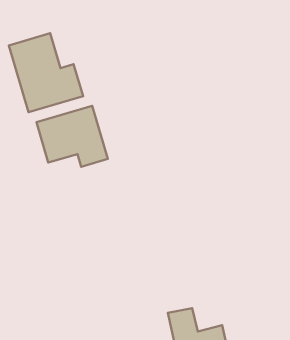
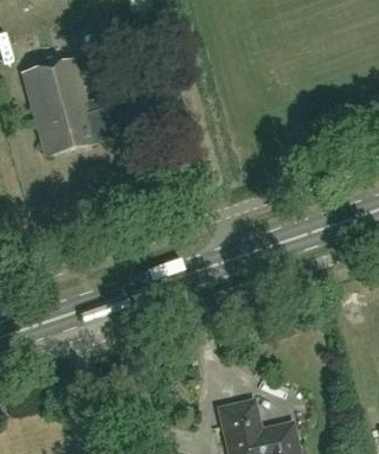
building: [36,106,108,167] -> none

